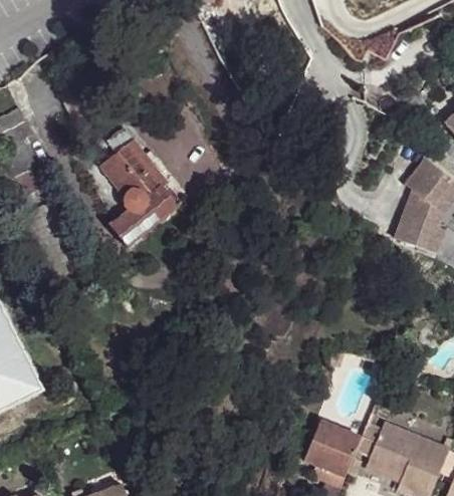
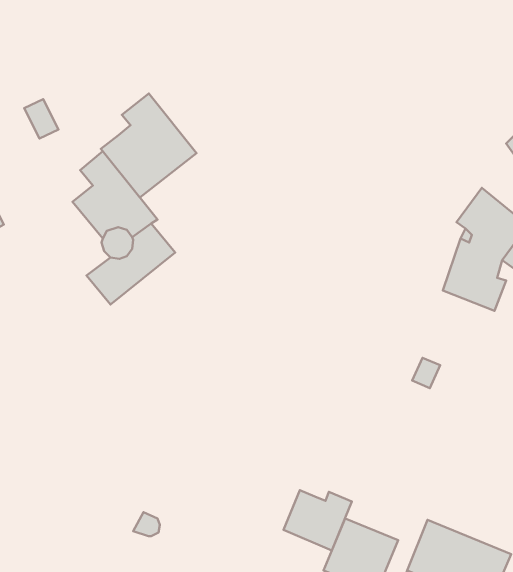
building: none -> [101,94,197,198]
building: none -> [283,490,352,550]

